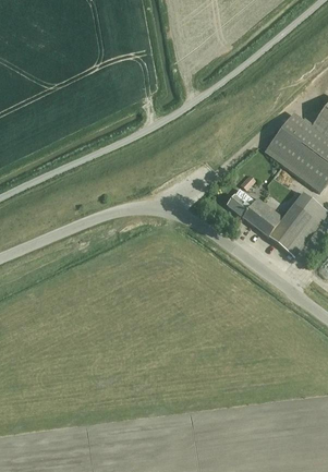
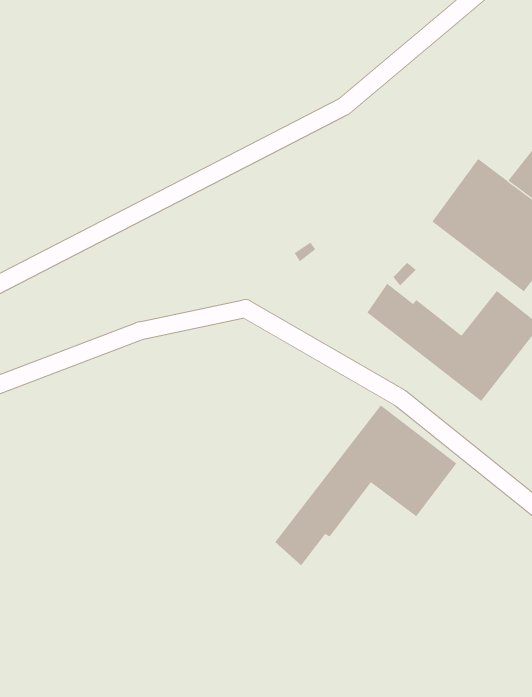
building: none -> [274,405,457,566]

